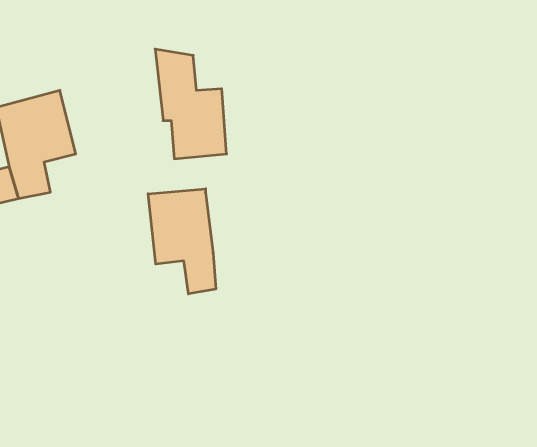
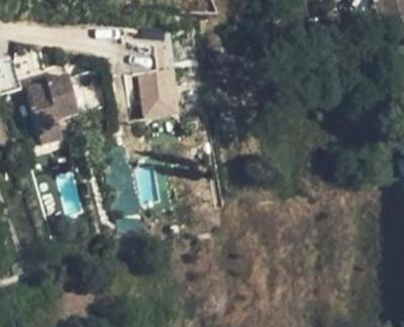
building: [148,189,216,294] -> none

